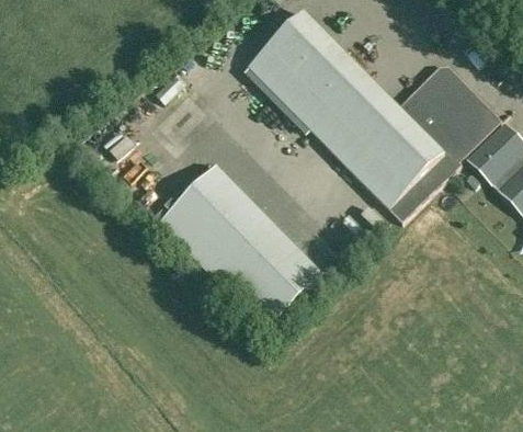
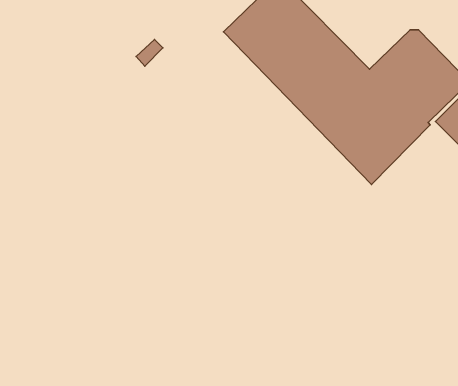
building: [159,167,321,330] -> none

